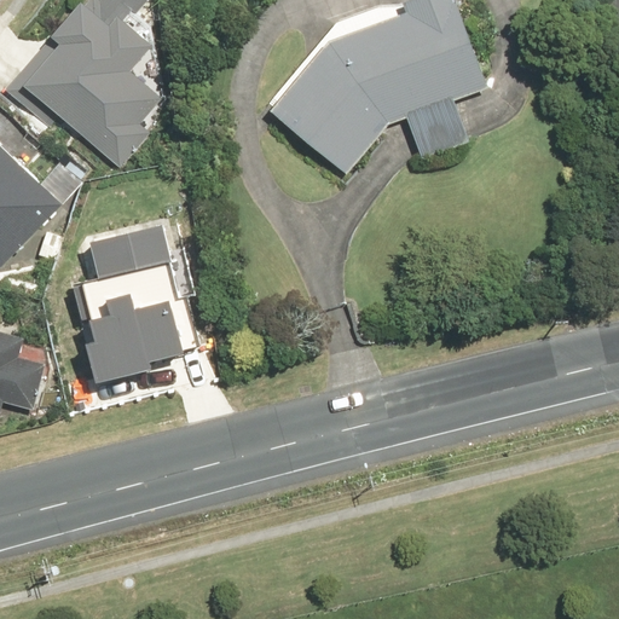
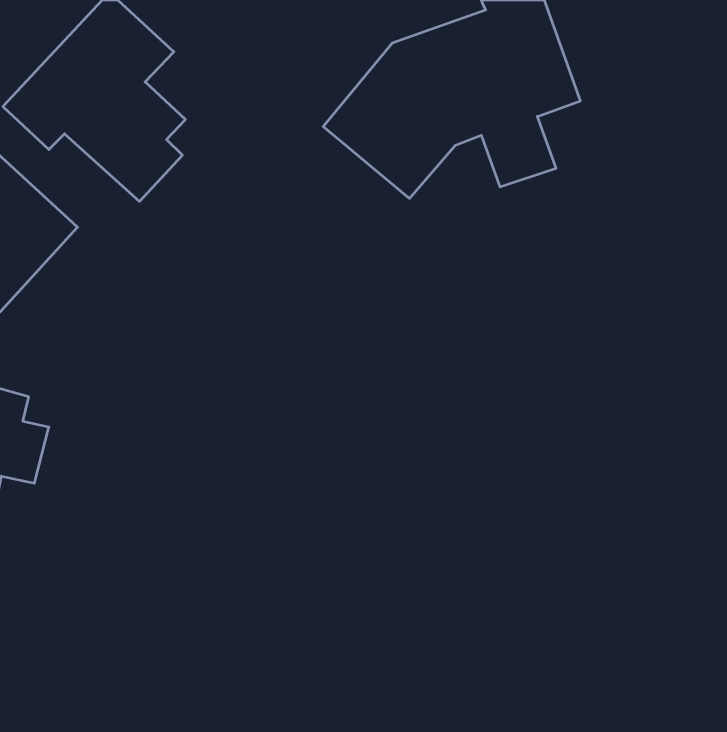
building: [63,221,193,381] -> none

